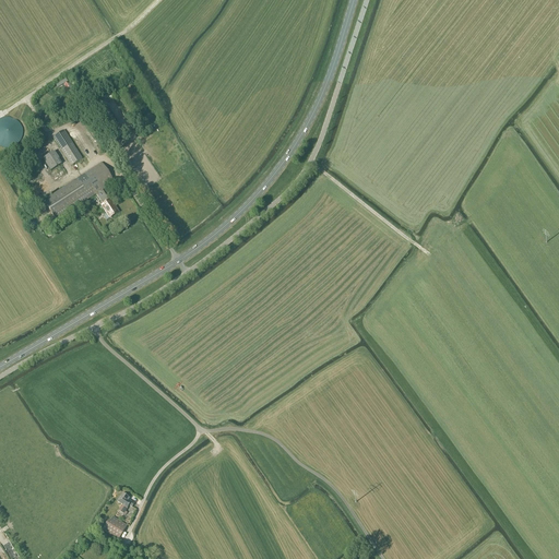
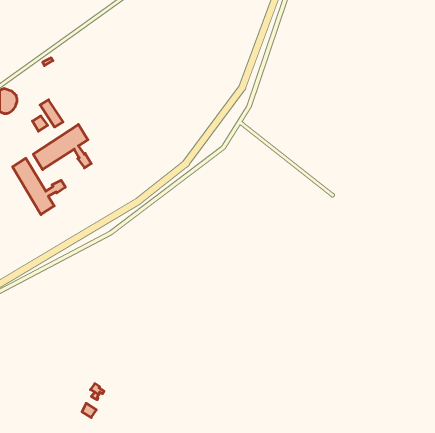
building: none -> [13,158,65,215]

